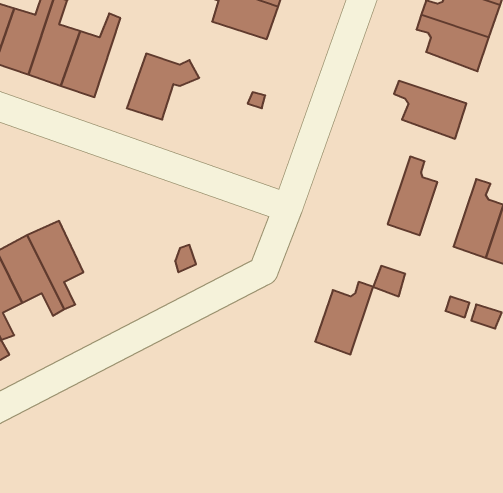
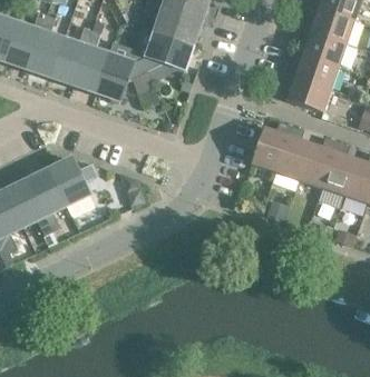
building: none -> [74,30,109,92]
building: none -> [139,32,193,71]
building: none -> [284,53,339,89]
building: none -> [299,138,338,188]
building: none -> [49,159,96,206]
building: [315,282,373,354] -> [252,122,292,172]

